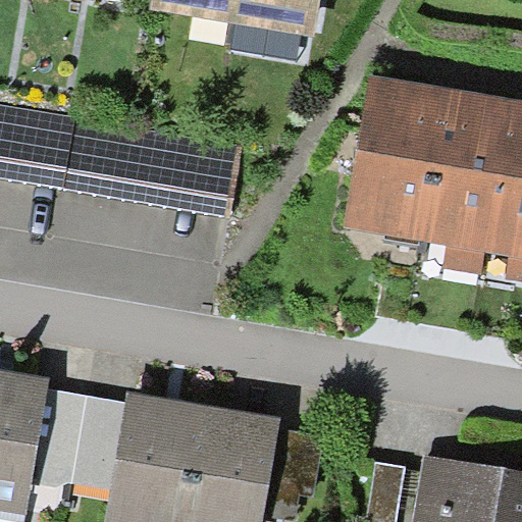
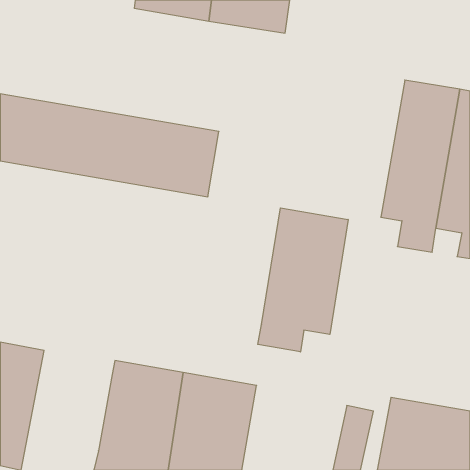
building: [343,75,449,241] -> none
building: none -> [258,208,348,352]
building: [47,403,124,500] -> none

